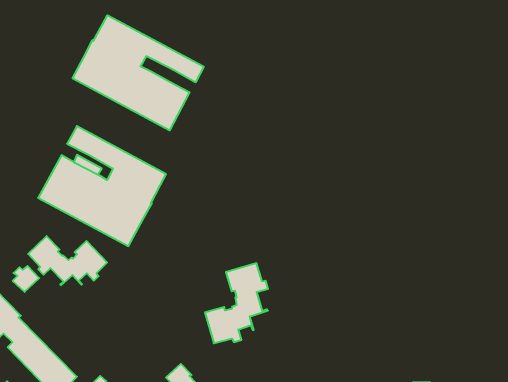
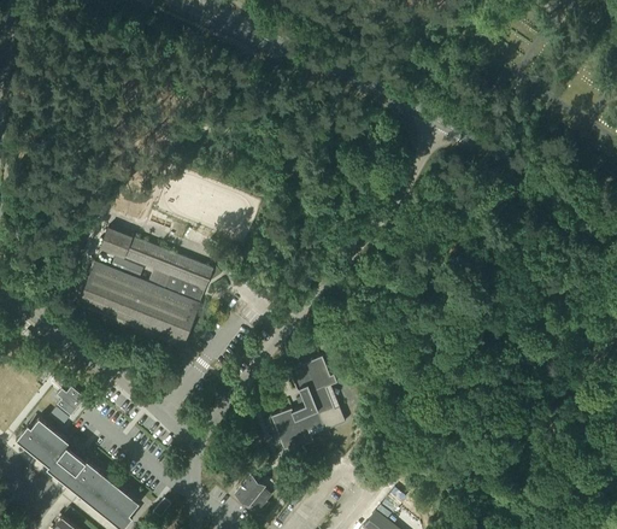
building: [73,15,204,130] -> none
building: [28,236,107,285] -> none

